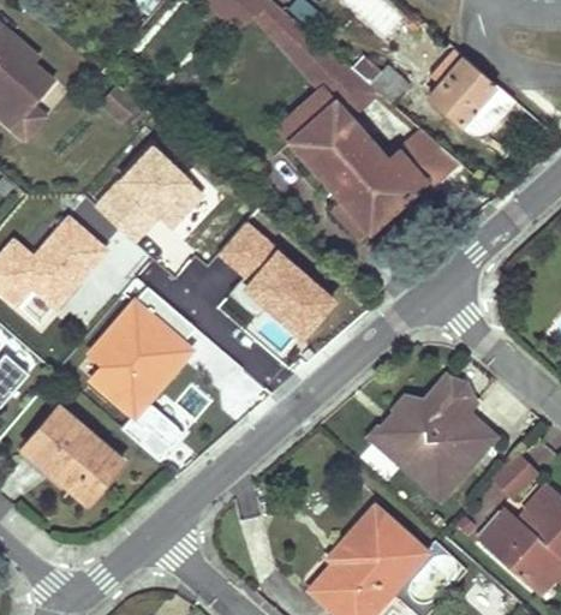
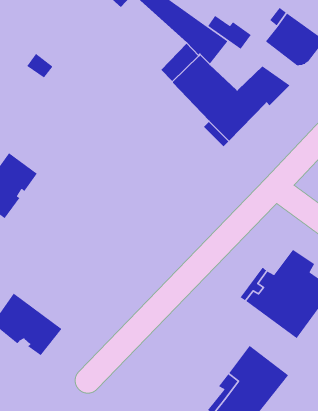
building: [94,144,203,240] -> none
building: [219,220,334,334] -> none
building: [91,286,196,461] -> none

